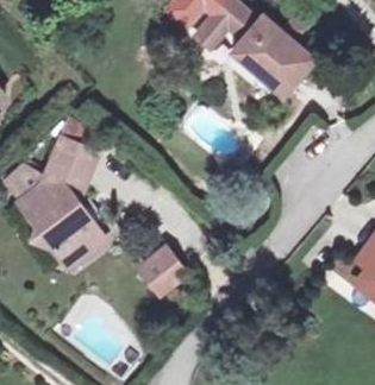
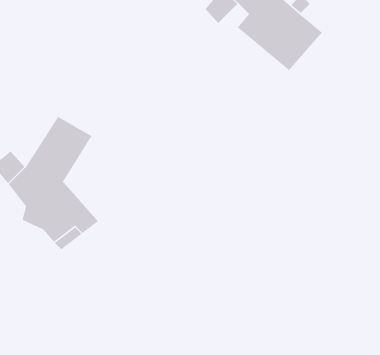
building: [129,248,176,295] -> none

